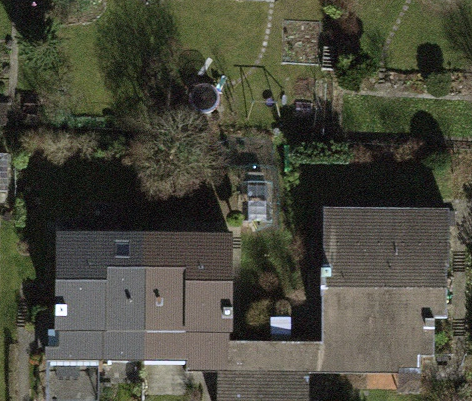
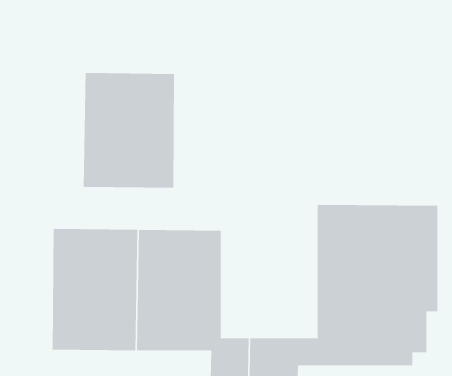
building: none -> [83,72,174,189]

